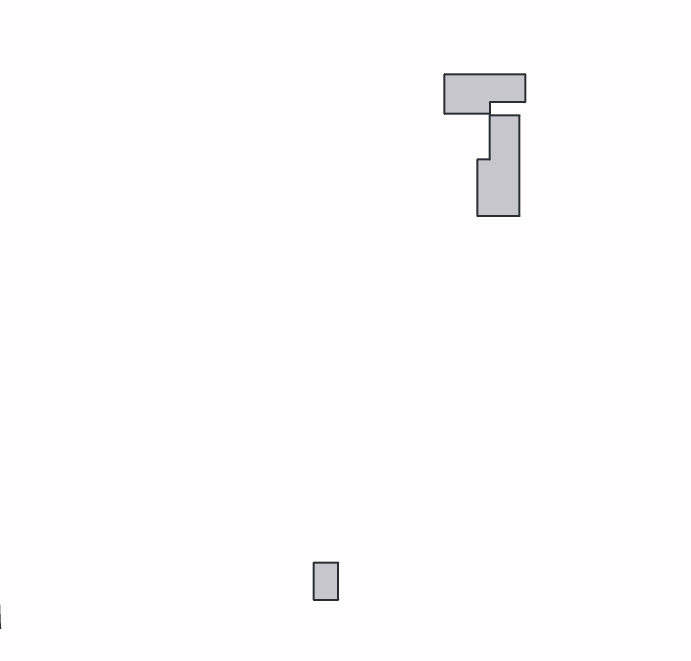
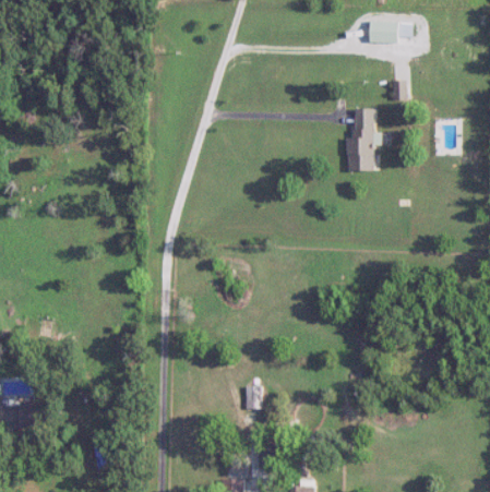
building: [445,74,525,114] -> none

